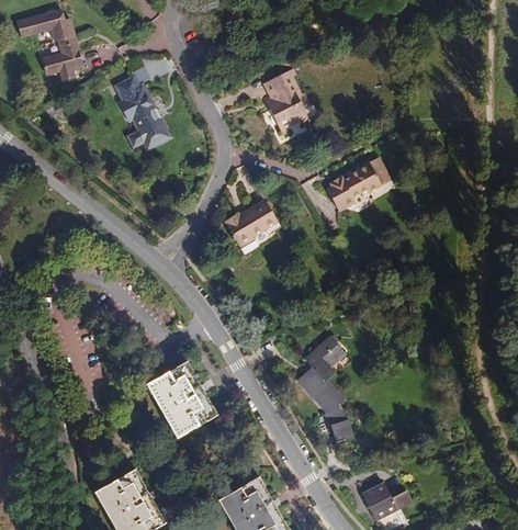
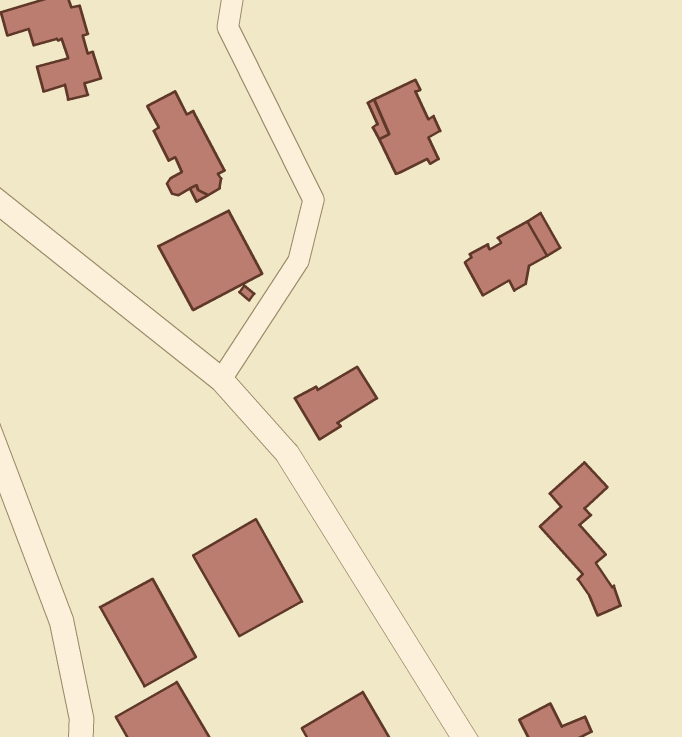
building: none -> [158,211,262,310]
building: [223,200,278,248] -> [295,367,377,439]
building: [299,337,352,439] -> [540,462,621,615]
building: none -> [100,579,196,686]

